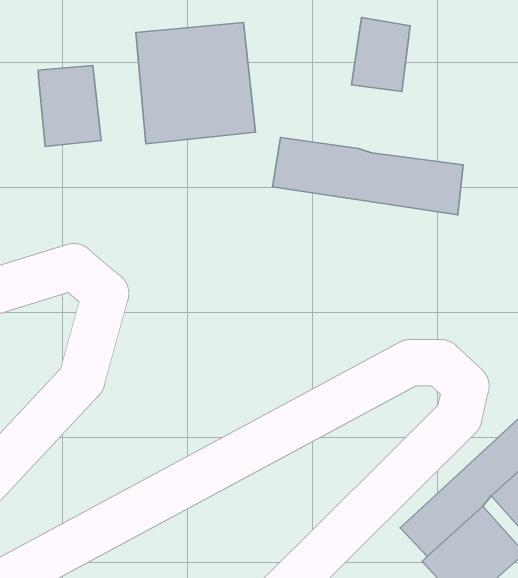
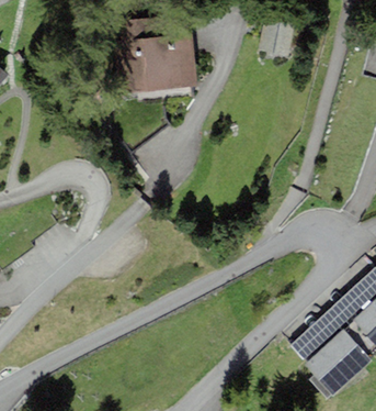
building: [38,65,101,147] -> none
building: [273,138,463,215] -> none

